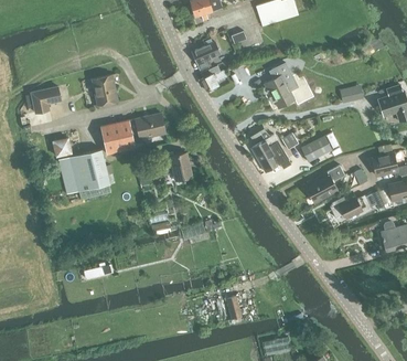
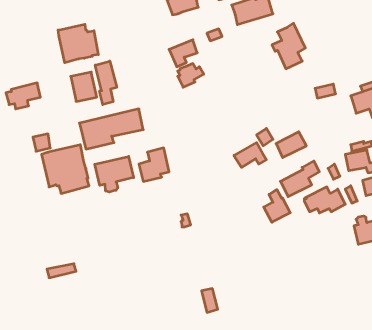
building: none -> [58,24,98,63]
building: [263,62,297,108] -> [272,23,305,69]
building: none -> [95,61,117,105]
building: [247,125,280,160] -> none
building: none -> [95,156,134,192]
building: none -> [264,190,290,222]

